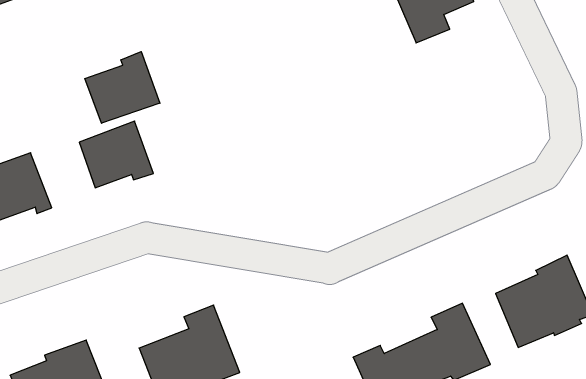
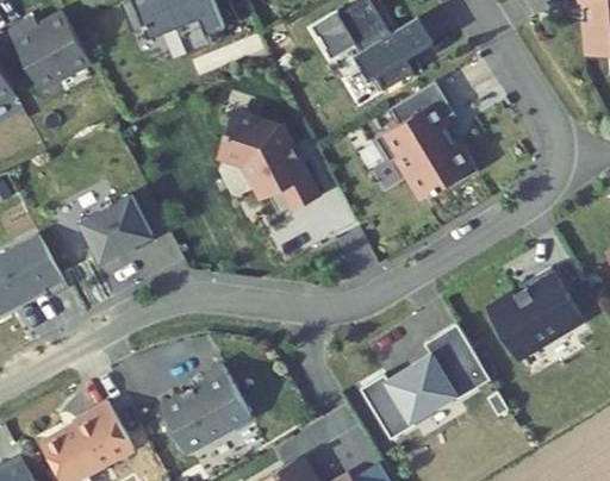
building: none -> [385,79,488,198]
building: none -> [230,112,326,208]
building: [85,52,160,123] -> none

